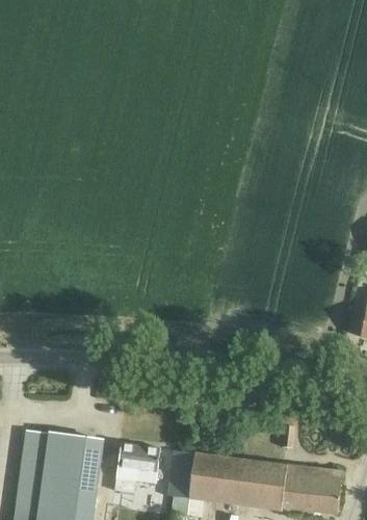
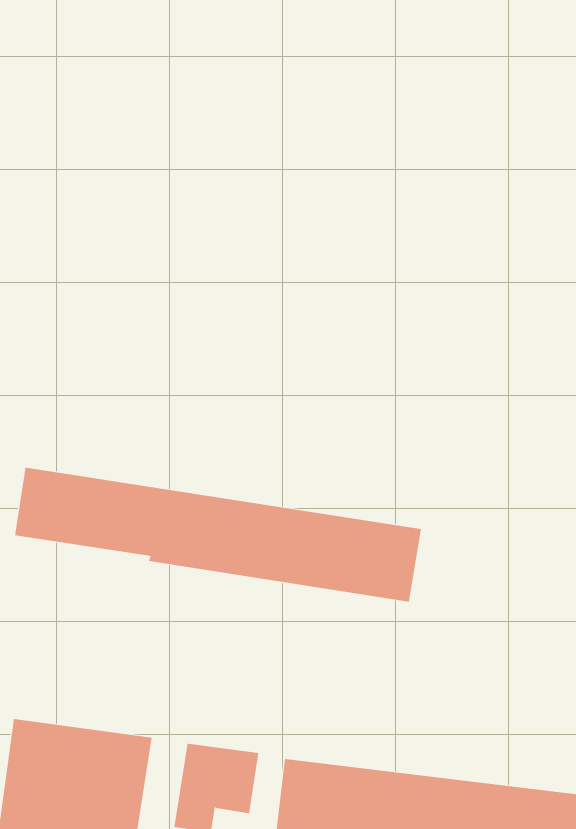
building: none -> [15,467,421,603]

